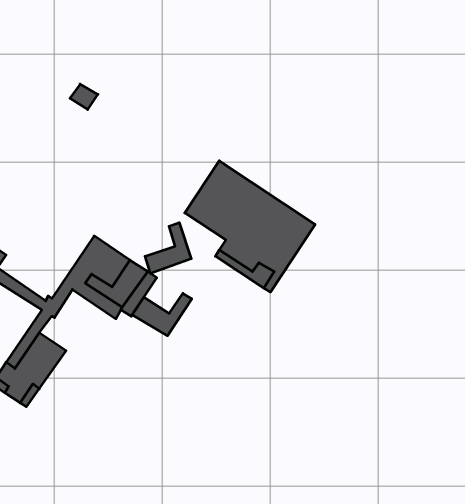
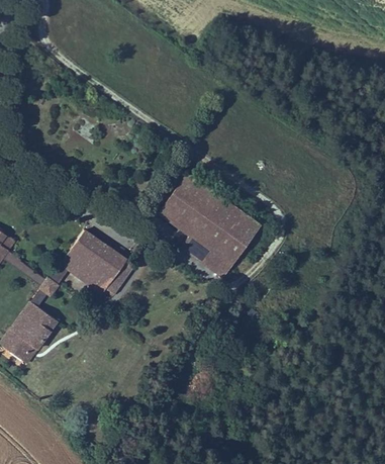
building: [145,223,191,274] -> none
building: [132,293,192,336] -> none

